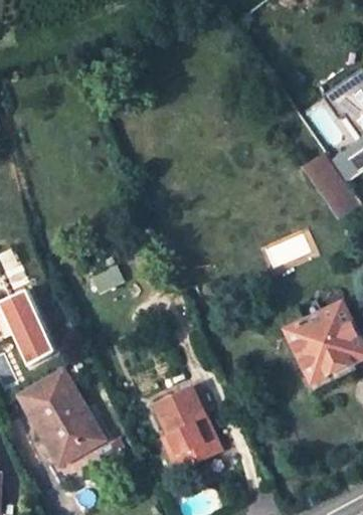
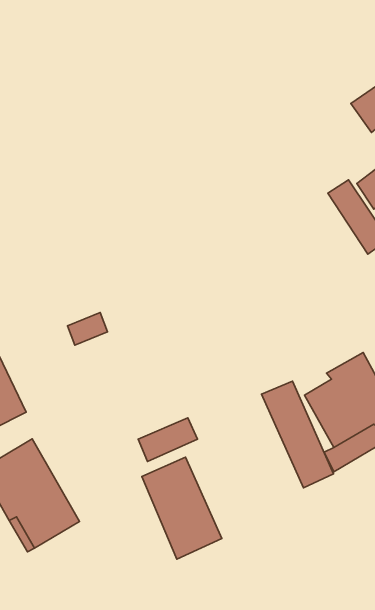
building: none -> [261,381,334,488]
building: none -> [138,418,198,462]

